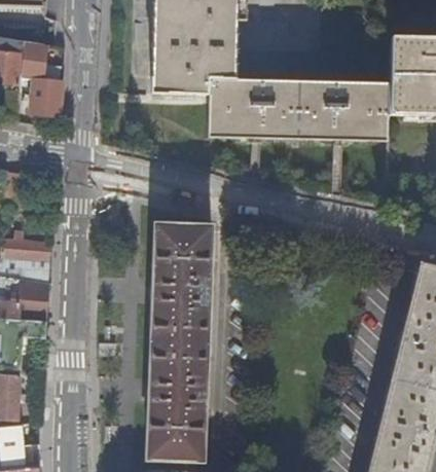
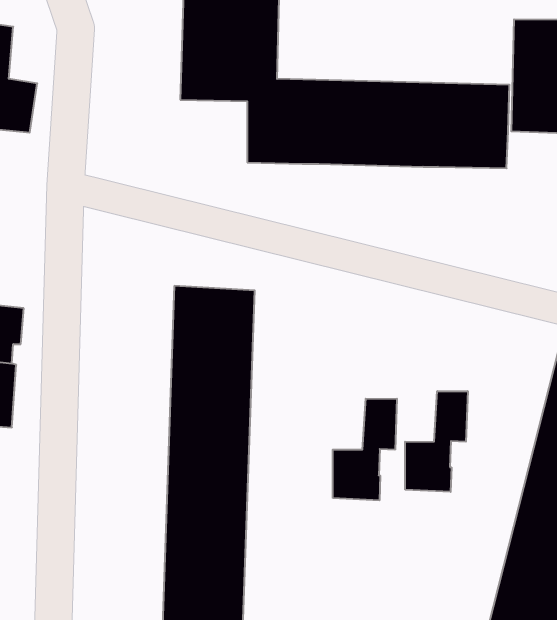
building: none -> [405,391,468,492]
building: none -> [333,399,397,500]

